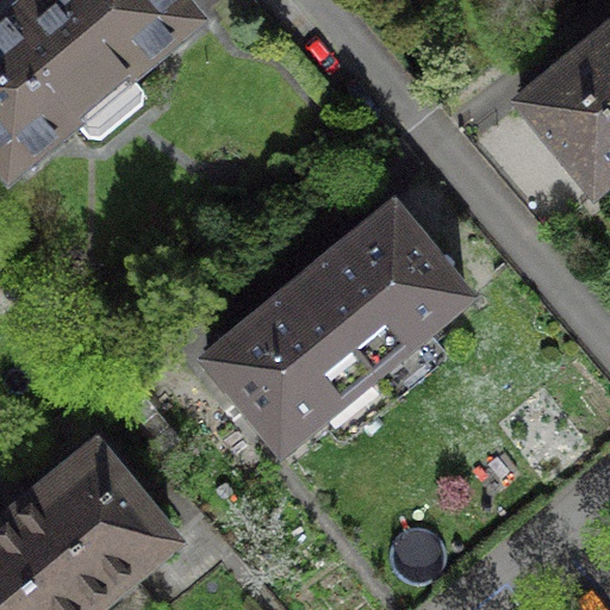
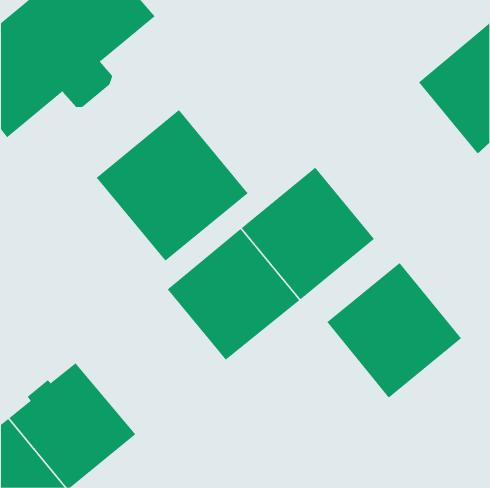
building: none -> [96,109,249,262]
building: none -> [326,262,462,399]

